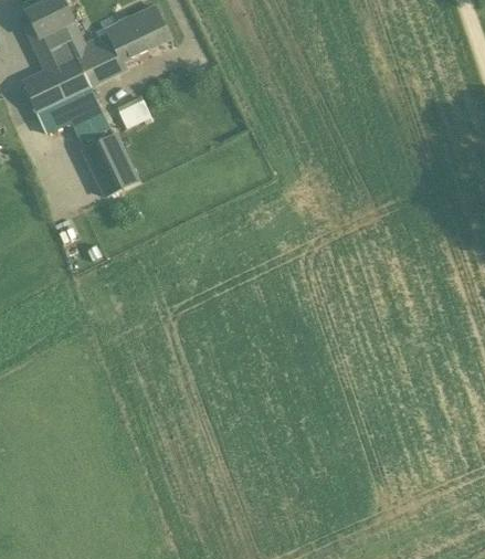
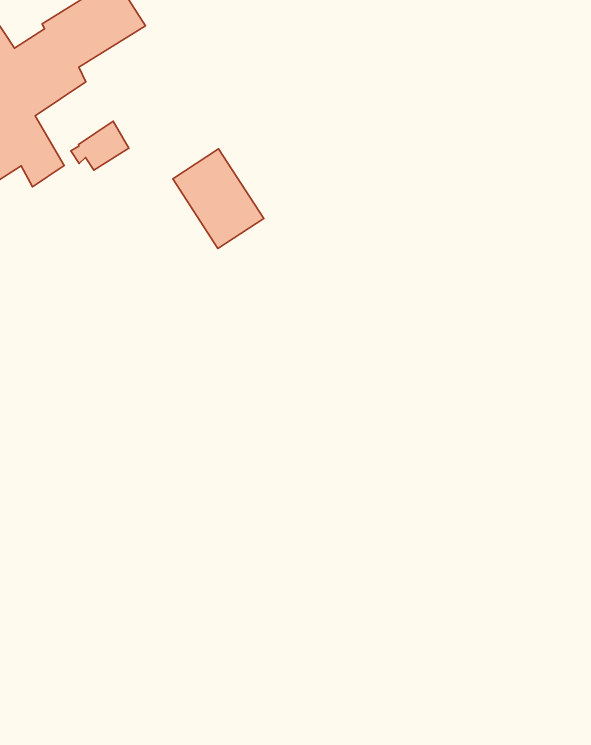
building: [82,131,137,196] -> [173,149,264,249]

